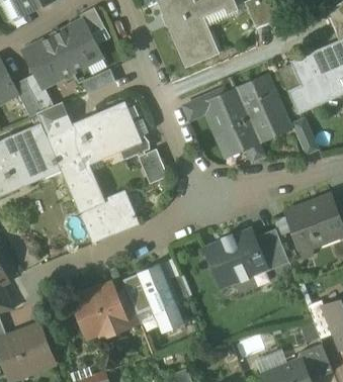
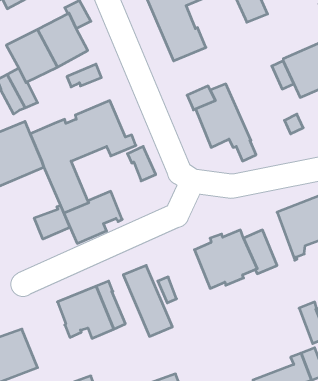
building: [236,74,289,142] -> none
building: [36,103,70,136] -> none
building: none -> [34,206,70,239]

